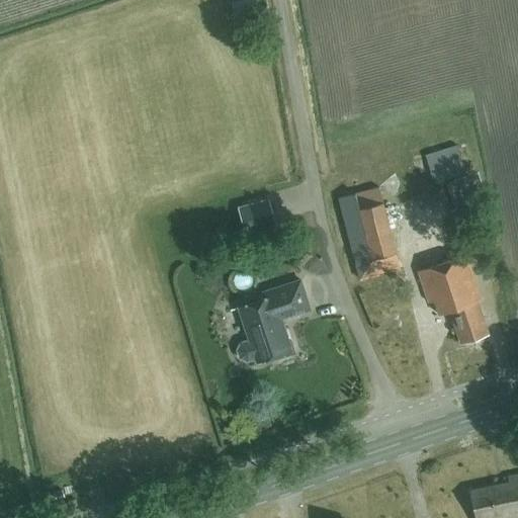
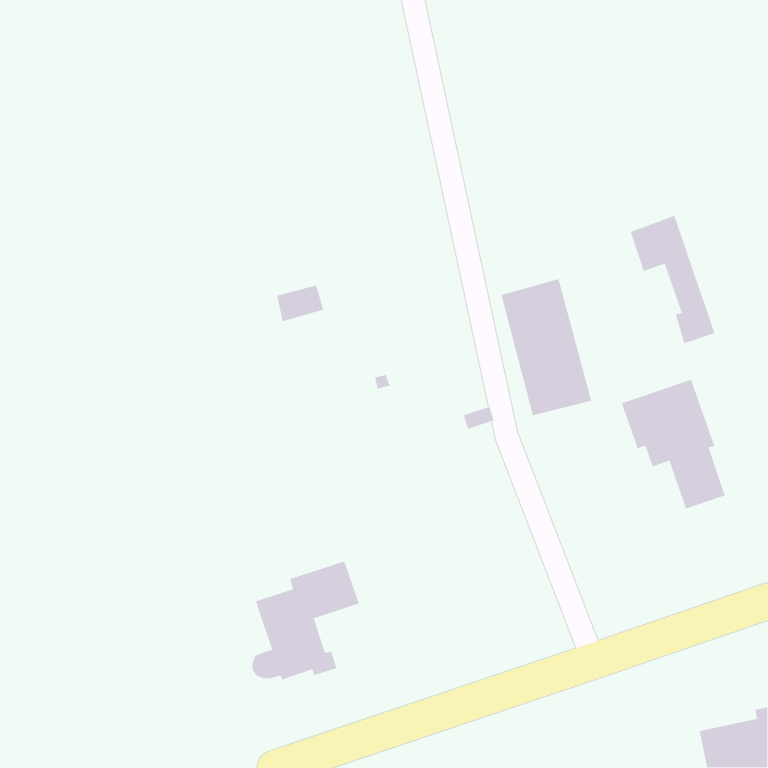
building: [242,204,274,230] -> [276,285,324,322]
building: [238,280,311,361] -> [252,560,360,681]

